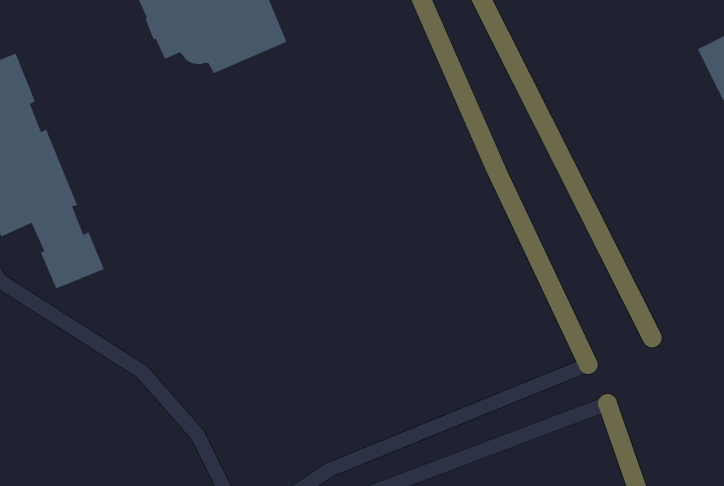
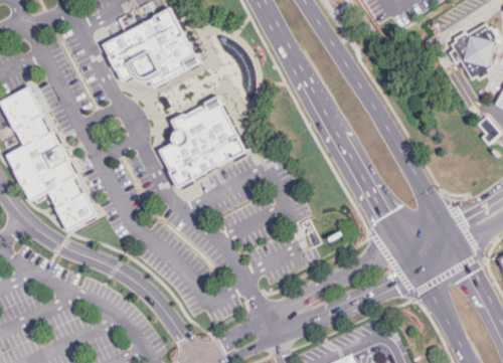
building: none -> [159,94,246,187]

